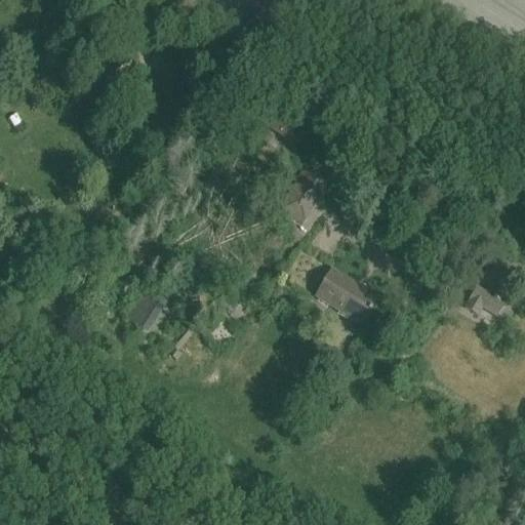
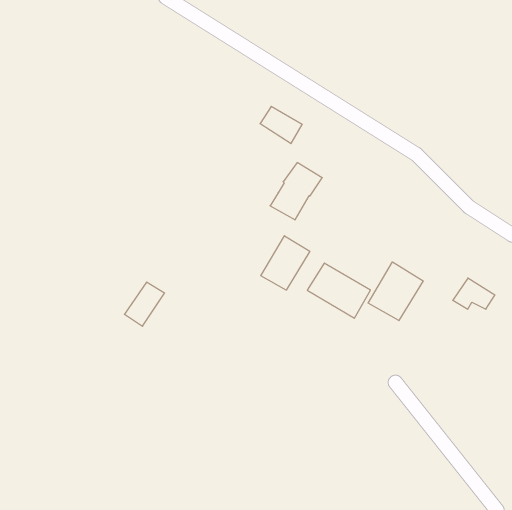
building: none -> [261,236,310,290]
building: none -> [368,262,423,321]

